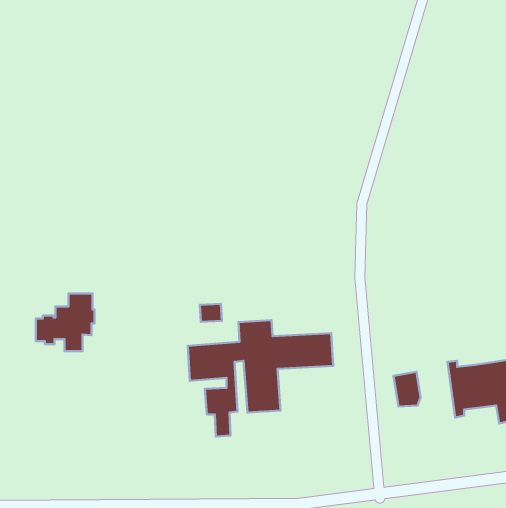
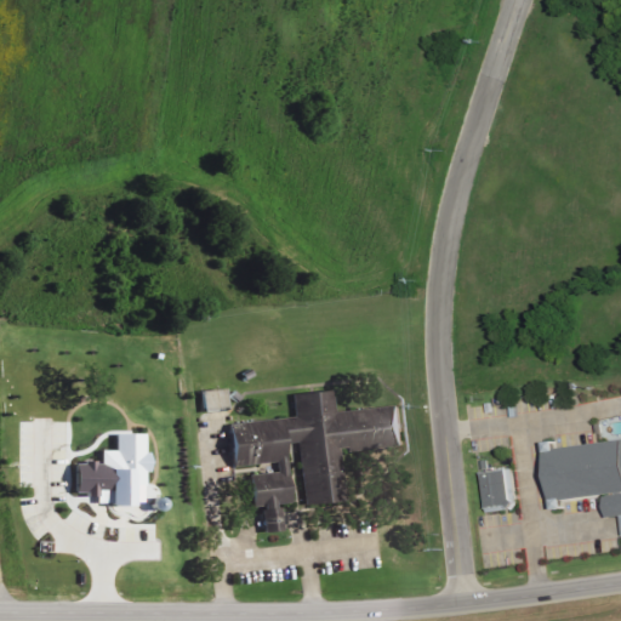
building: [36,294,94,351] -> [78,434,149,505]
building: [200,304,222,322] -> [203,389,229,411]

